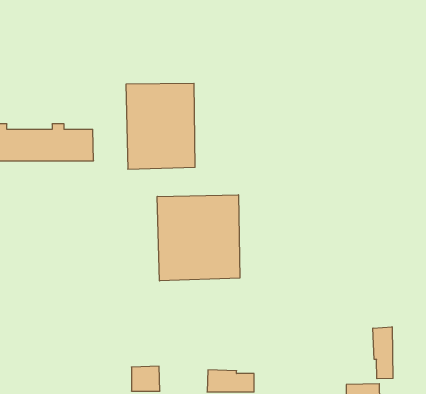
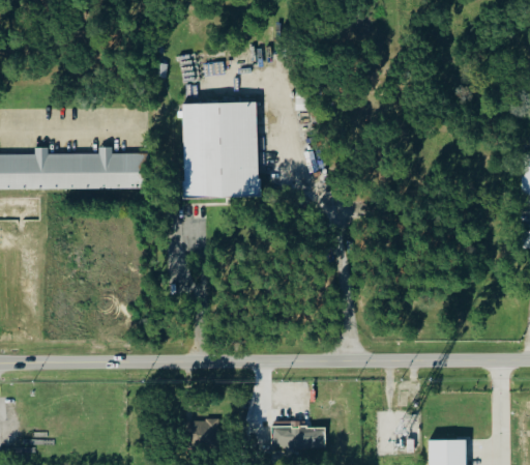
building: [157,195,240,281] -> none
building: [373,327,393,379] -> none

